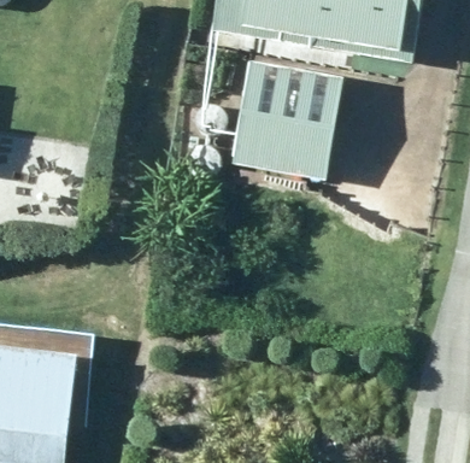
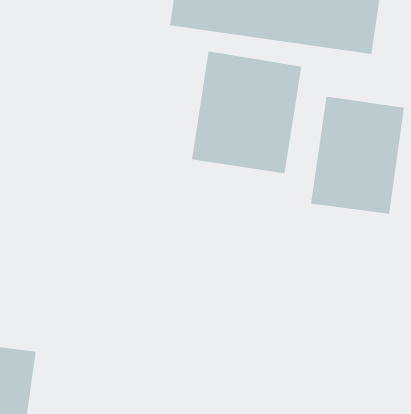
building: none -> [311,96,405,214]

